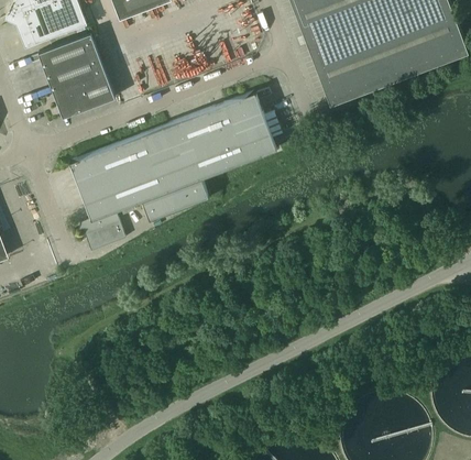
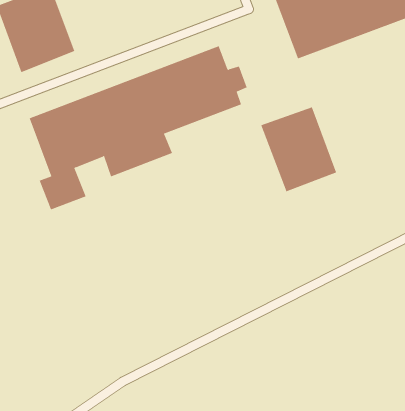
building: none -> [260,106,337,192]

